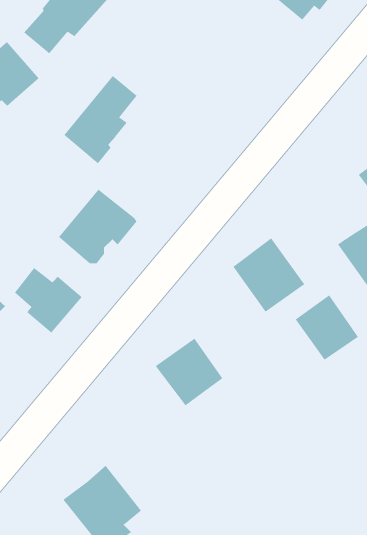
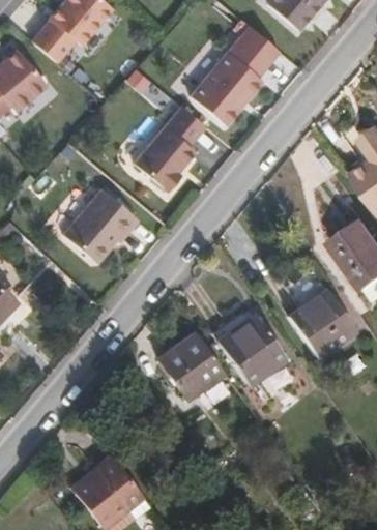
building: none -> [191,25,279,124]
building: [64,75,137,164] -> [135,106,205,190]
building: [232,237,305,312] -> [216,313,286,384]
building: [14,267,82,333] -> none

